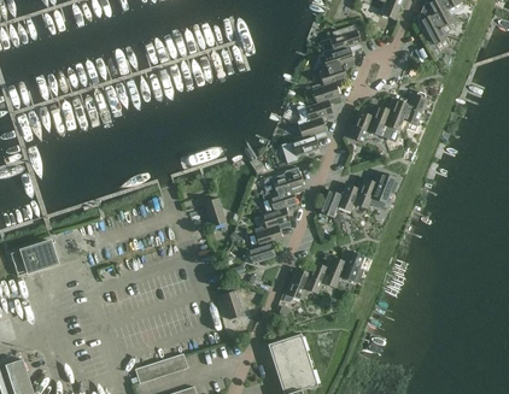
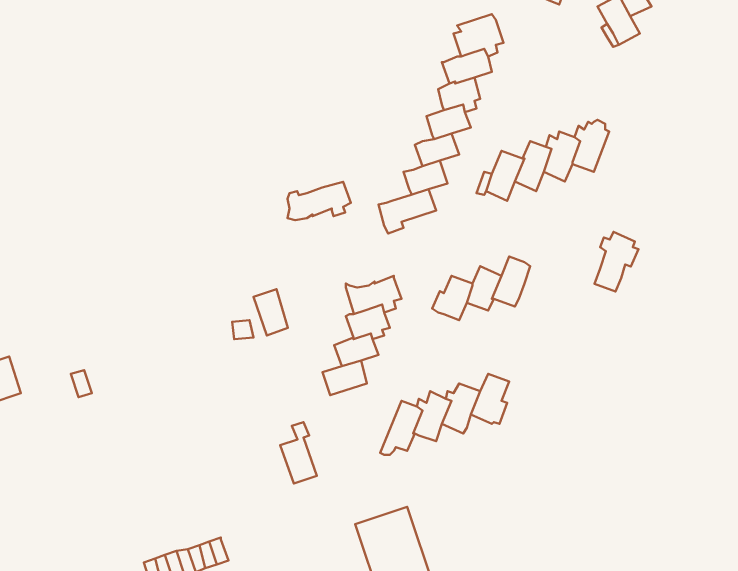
building: [370,171,398,208] -> [594,232,639,291]
building: [264,172,304,196] -> [287,182,351,220]

